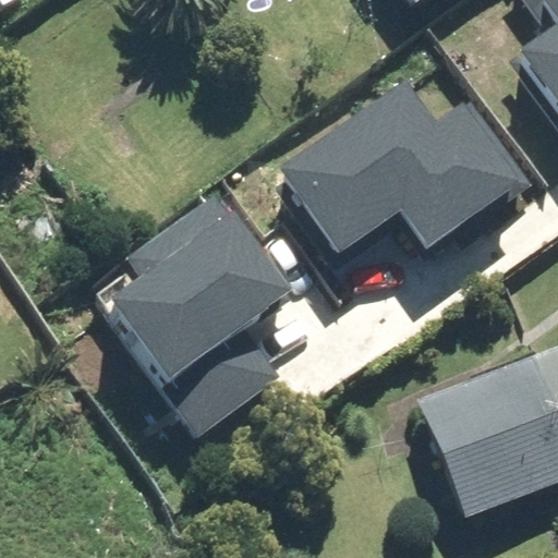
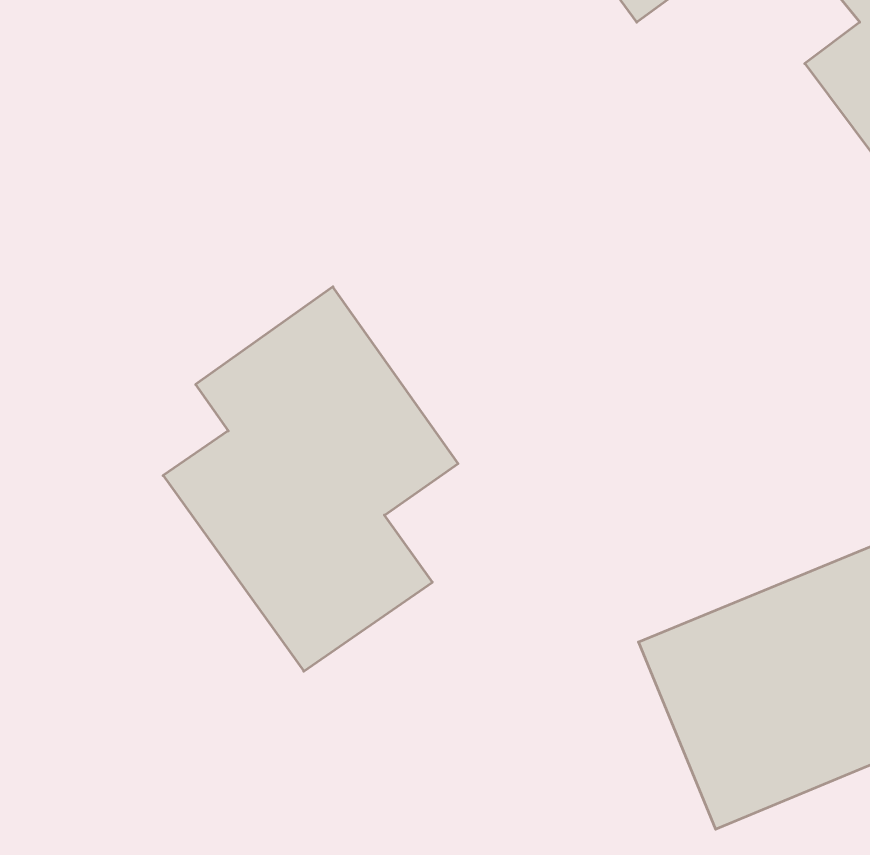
building: [278,80,523,255] -> none

